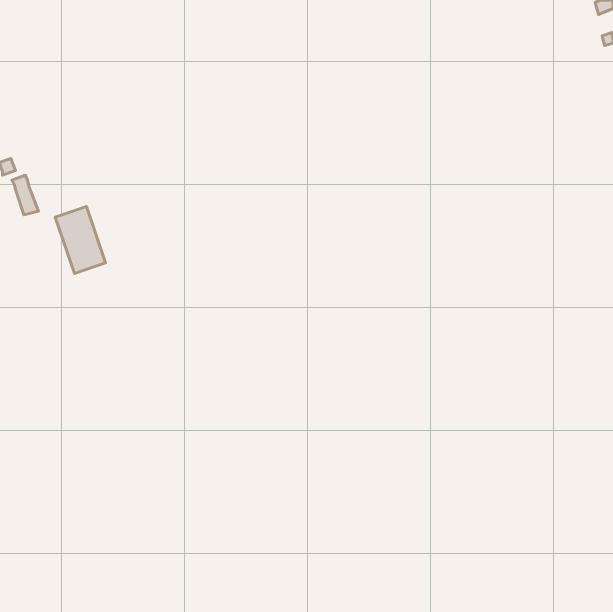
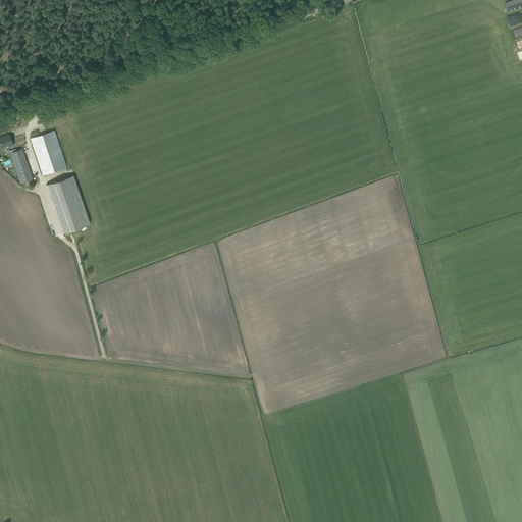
building: none -> [31,132,66,176]

